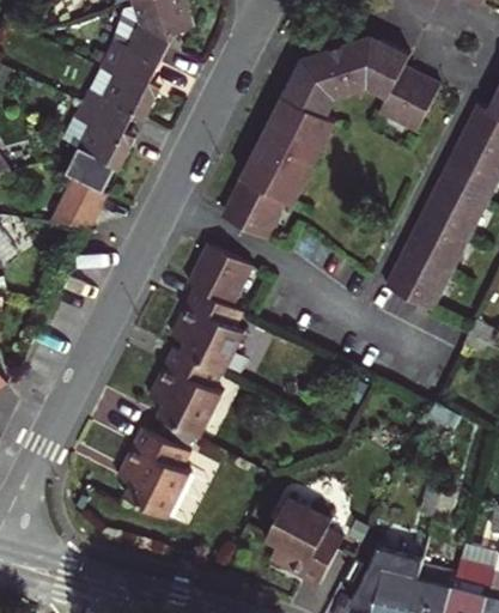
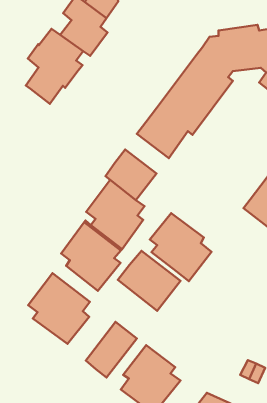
building: [42,176,102,225] -> none
building: none -> [150,213,212,281]
building: none -> [118,251,181,311]
building: none -> [86,322,137,378]

